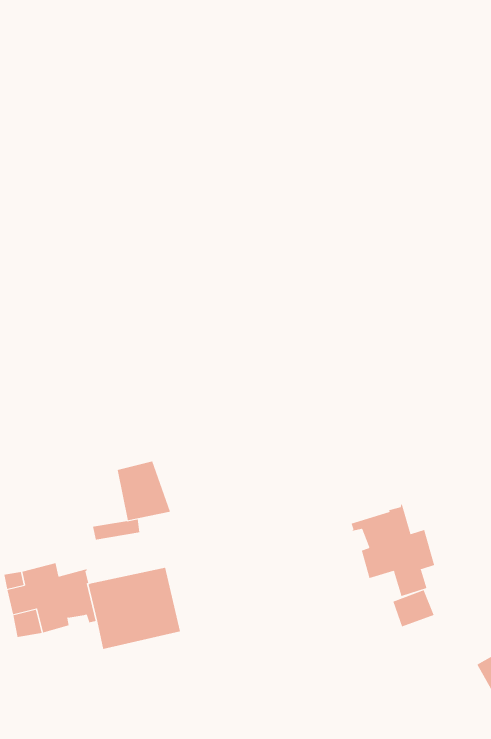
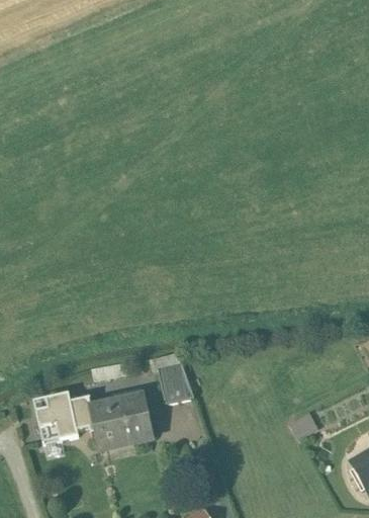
building: [117,461,171,521] -> [157,361,193,402]
building: [351,503,435,597] -> none

